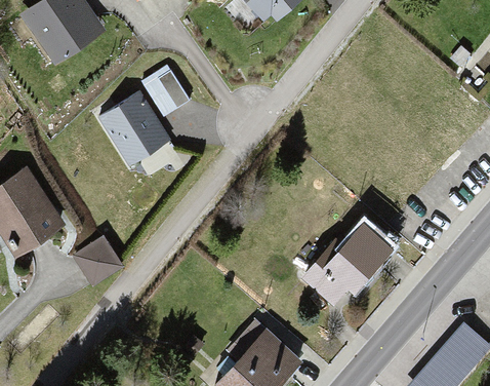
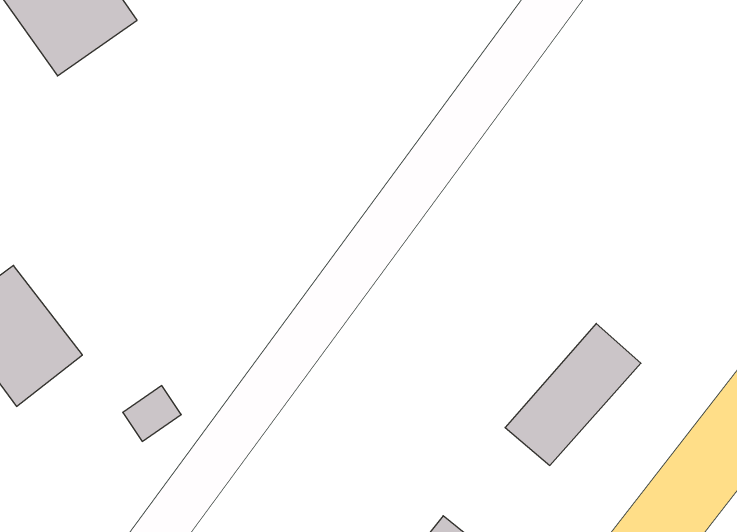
building: [148,66,193,114] -> none
building: [99,91,173,171] -> none

